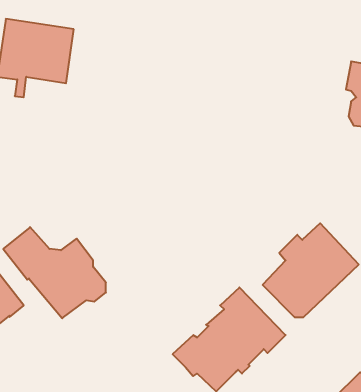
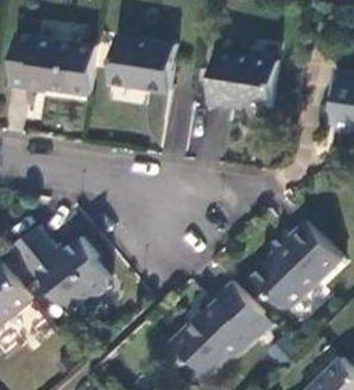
building: none -> [108,33,175,92]
building: none -> [208,51,277,107]

